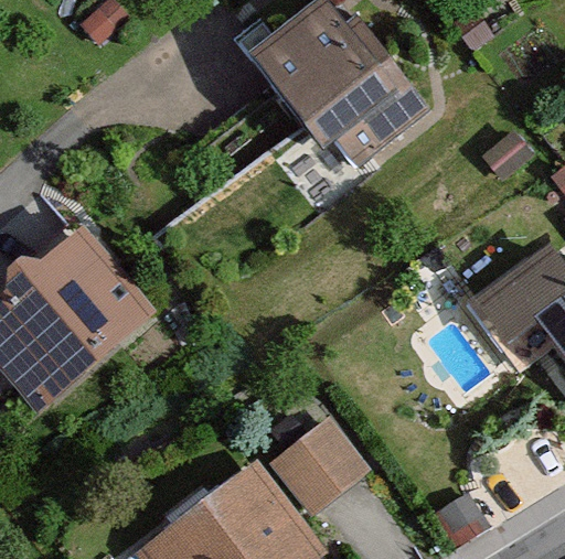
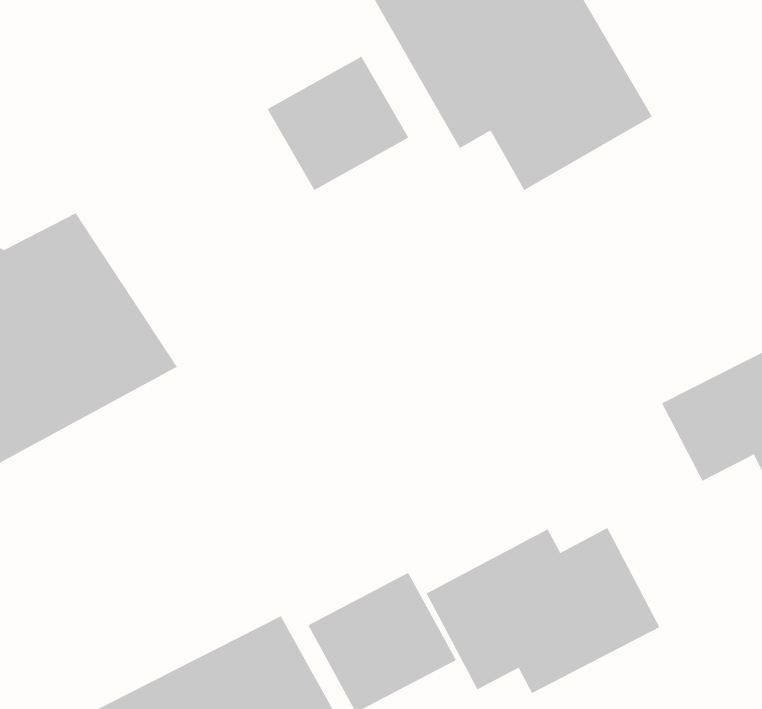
building: none -> [267,56,409,191]
building: none -> [426,527,660,694]

